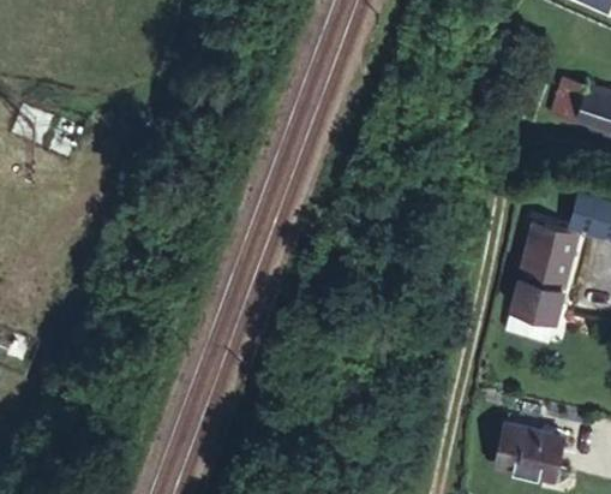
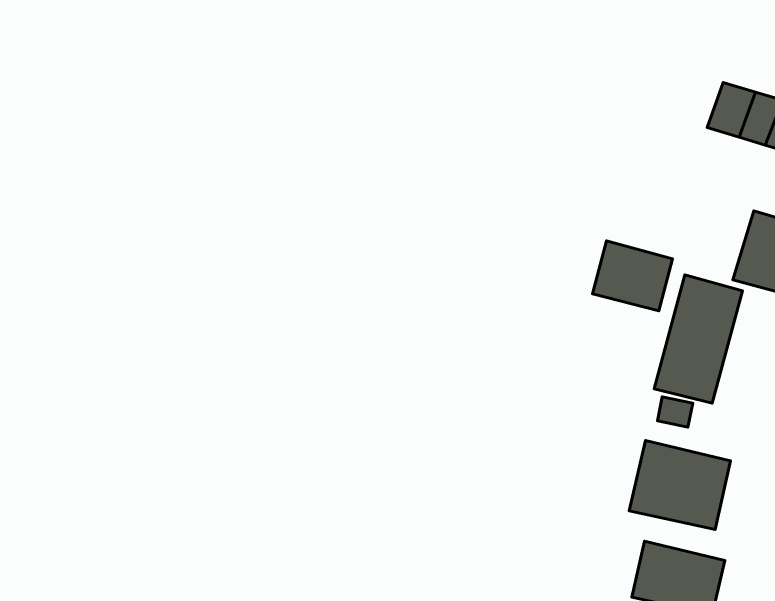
building: none -> [592,241,672,311]
building: none -> [629,440,731,529]

